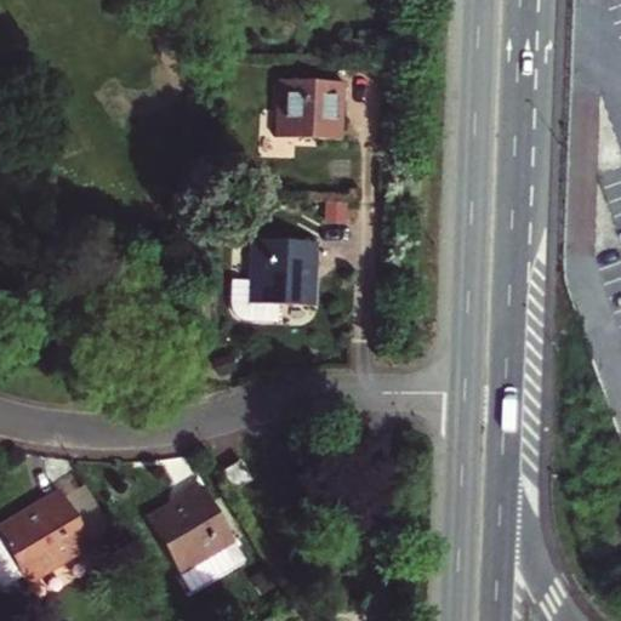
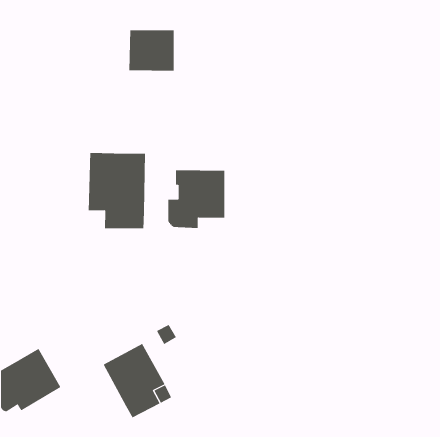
building: [281,80,346,138] -> [129,30,174,71]
building: none -> [88,152,146,229]

